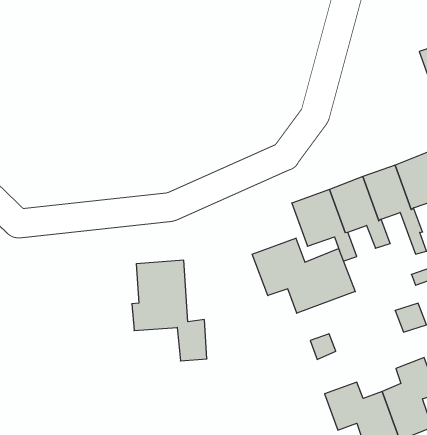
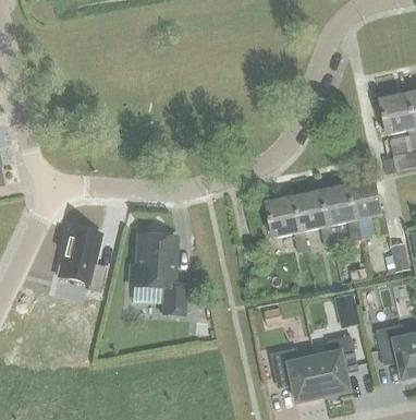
building: [252,238,355,313] -> none
building: none -> [58,225,106,291]

